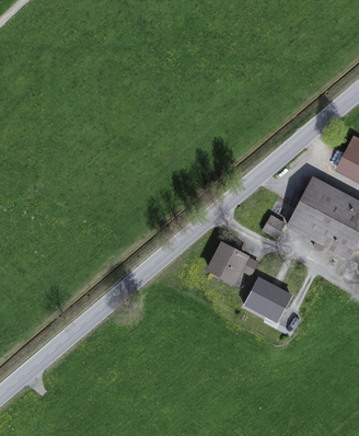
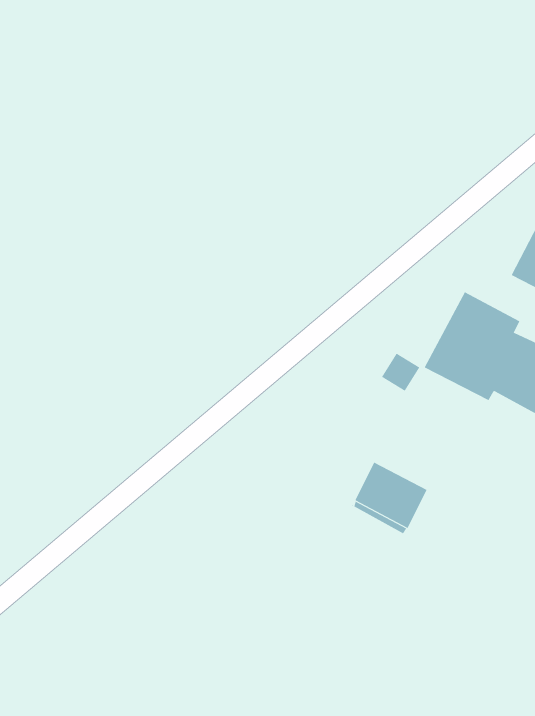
building: [210,243,257,280] -> none

